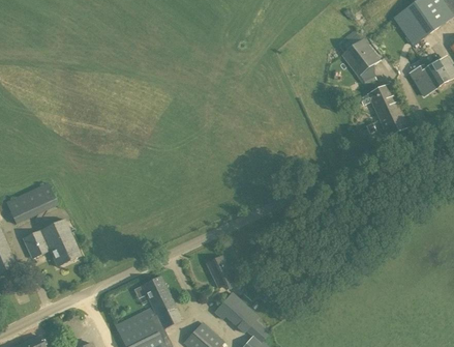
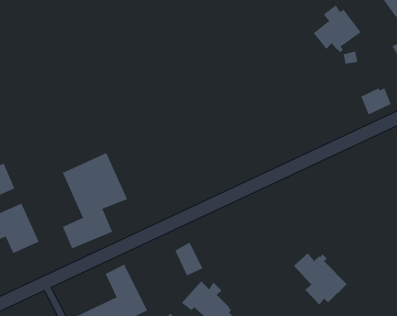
building: [362,84,403,119] -> none
building: none -> [62,152,128,249]
building: none -> [293,252,347,305]

